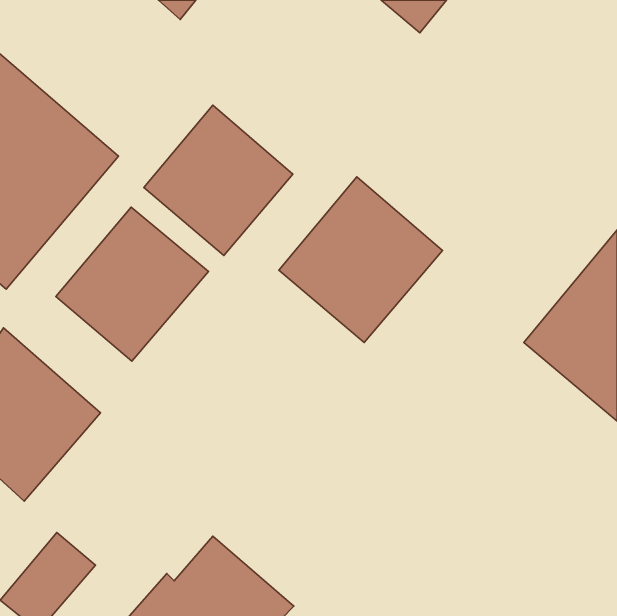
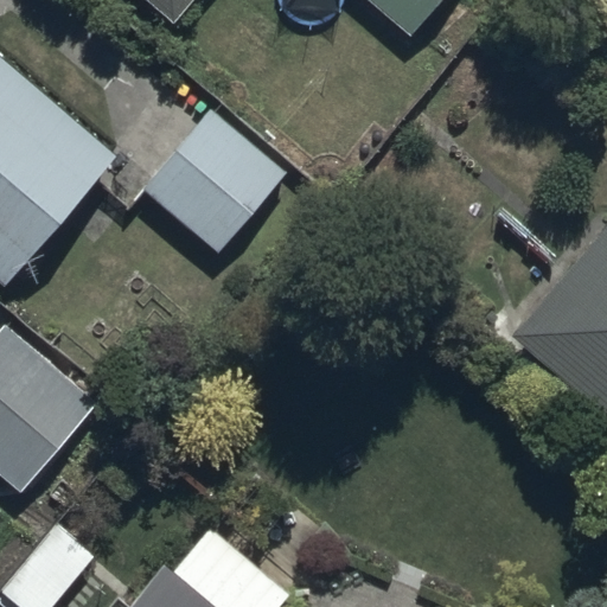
building: [279,177,442,343] -> none
building: [56,207,209,361] -> none

